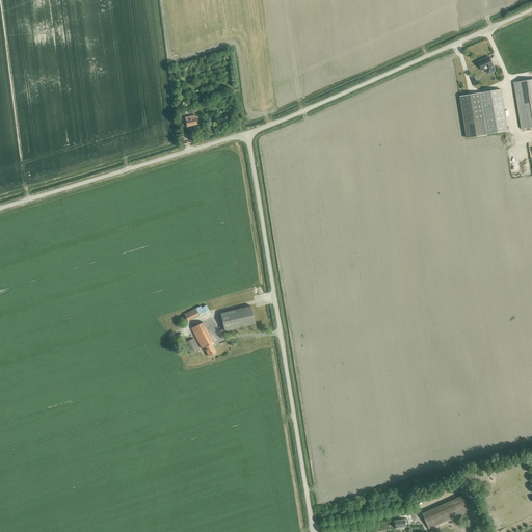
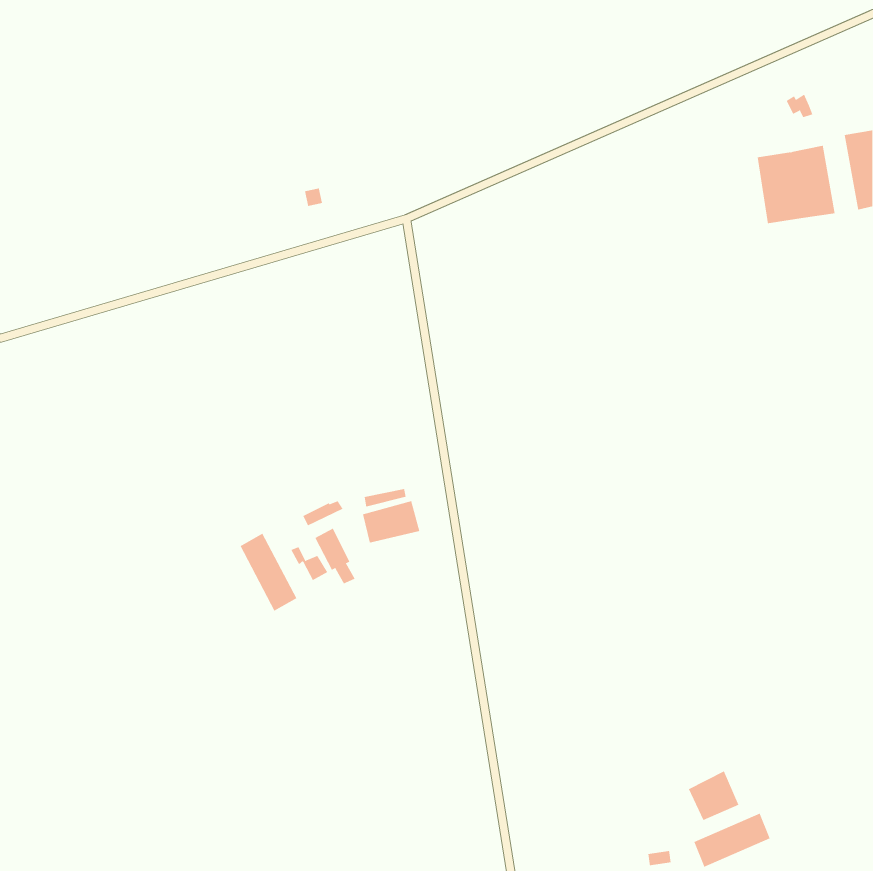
building: none -> [240,533,297,611]
building: none -> [688,770,739,821]

